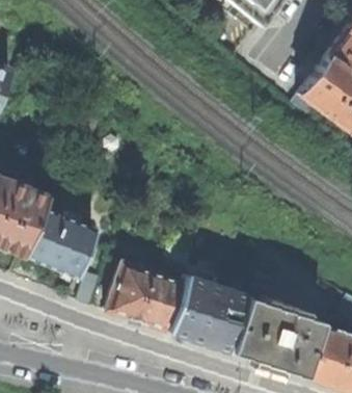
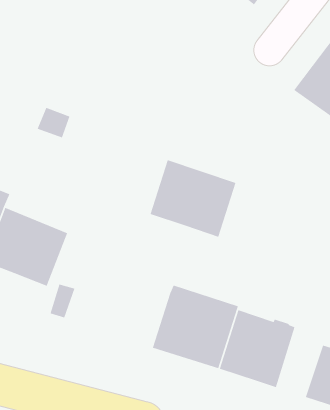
building: [108,261,185,331] -> [149,159,236,238]
building: [279,312,322,374] -> none

